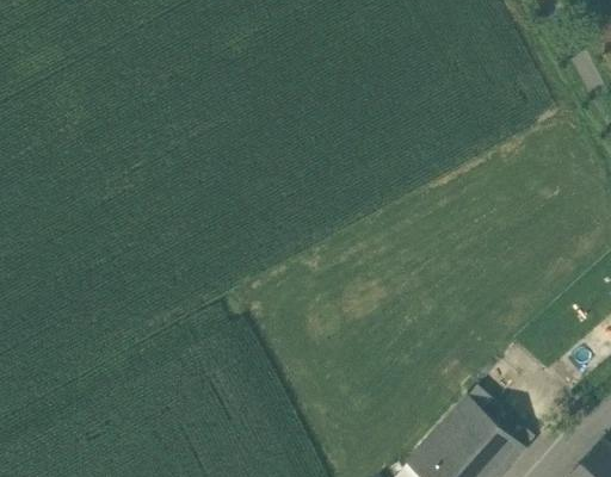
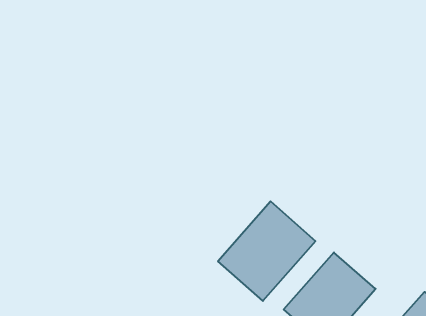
building: none -> [218,201,315,301]

